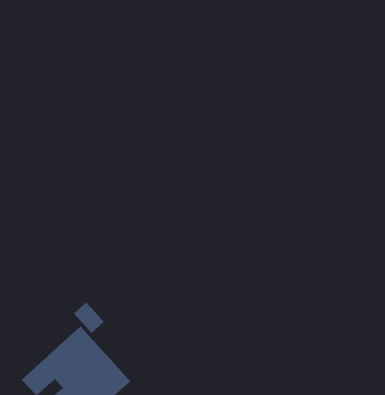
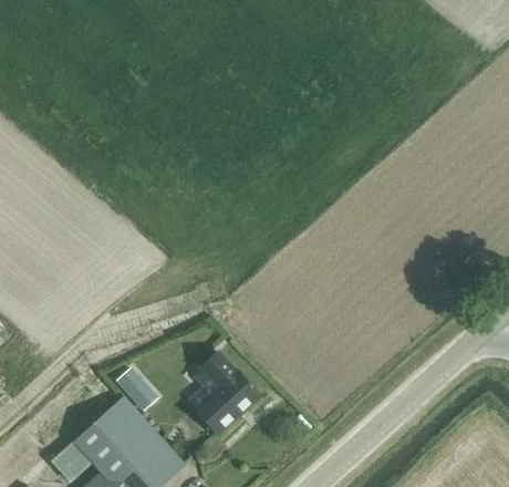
building: none -> [195,353,259,434]

